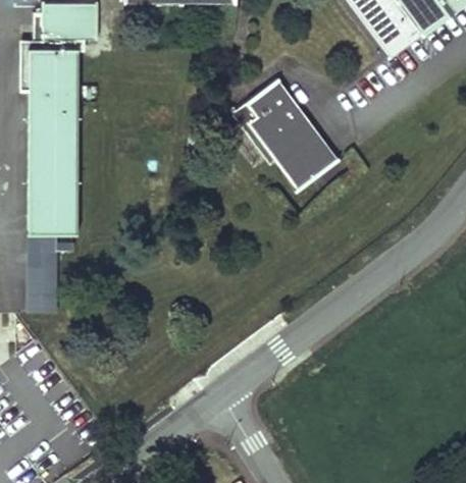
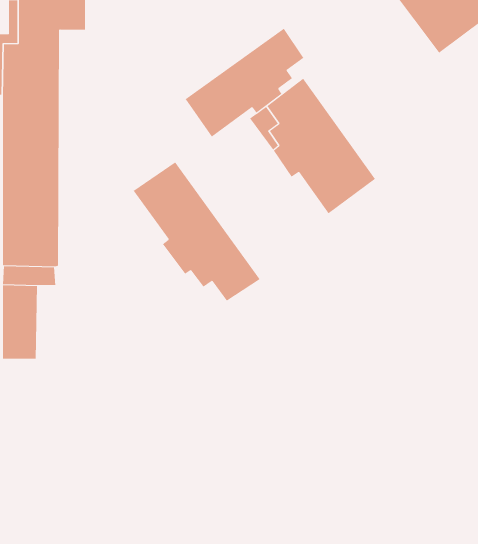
building: none -> [185,28,304,137]
building: none -> [133,161,260,302]

